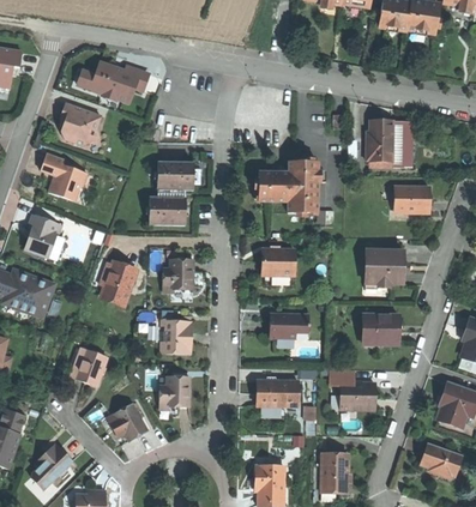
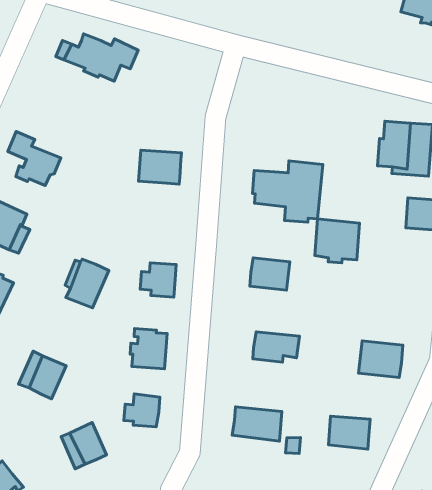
building: [60,103,101,143] -> none
building: [149,195,186,224] -> none
building: [366,249,403,286] -> [315,219,360,263]

